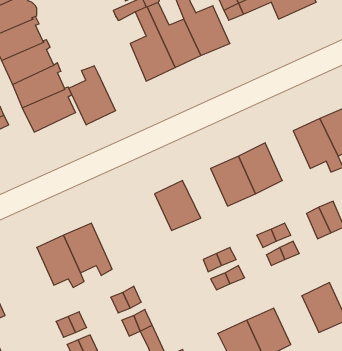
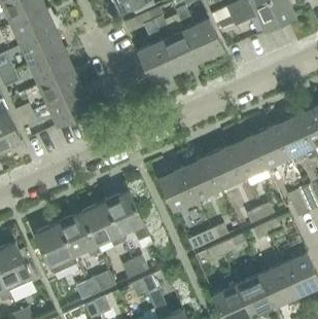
building: [69,66,115,125] -> none
building: none -> [252,125,290,167]
building: none -> [182,156,220,199]
building: none -> [105,191,148,240]
building: none -> [35,223,73,267]
building: none -> [259,264,297,306]

